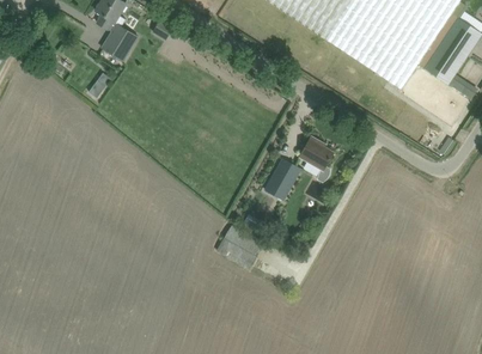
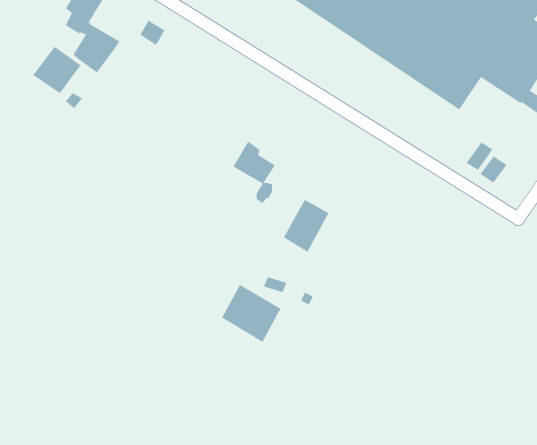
building: none -> [32,46,81,94]
building: [298,133,331,182] -> [232,141,276,204]

